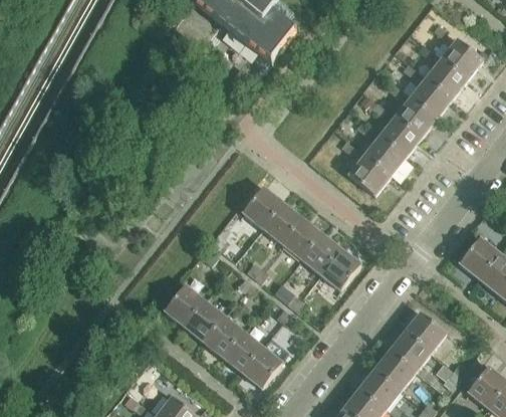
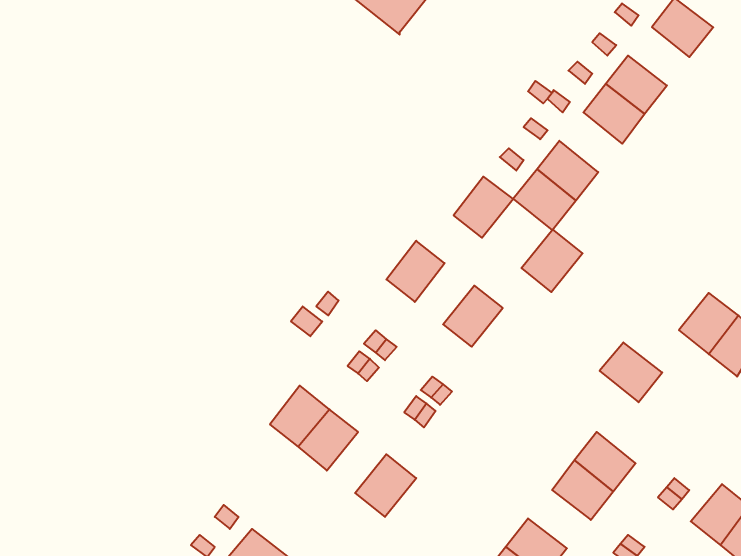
building: [425,59,466,98] -> none
building: [378,117,421,157] -> none
building: [242,187,282,229] -> none
building: [281,218,321,259] -> [454,177,513,238]
building: [319,248,360,290] -> [521,229,583,292]
building: [164,285,204,327] -> none
building: [404,312,446,353] -> [600,342,662,402]
building: [222,332,262,373] -> none
building: [357,371,400,410] -> none

